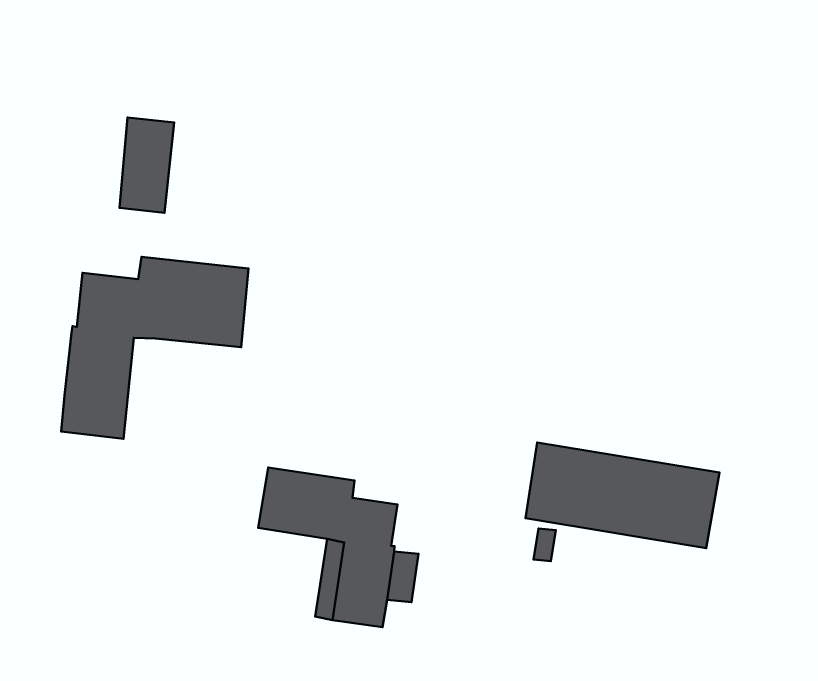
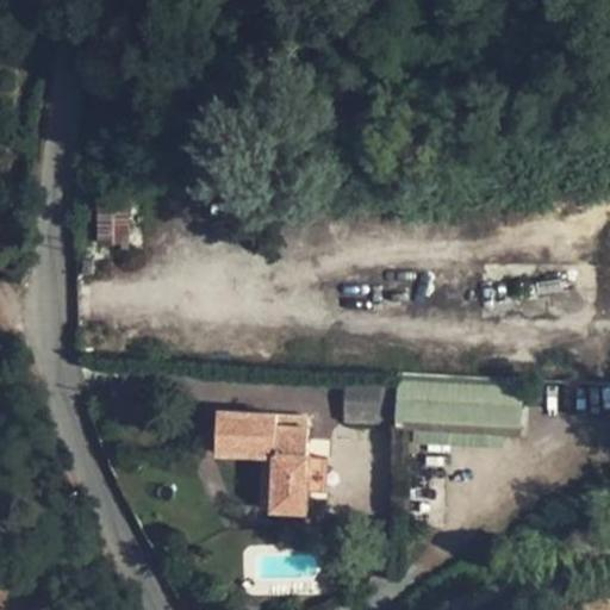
building: [61,257,248,439] -> none
building: none -> [346,385,379,422]

